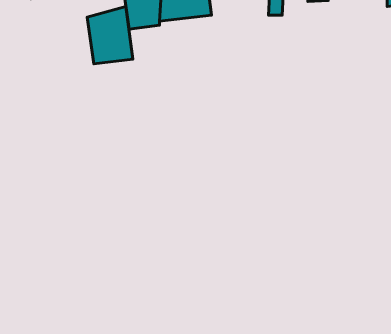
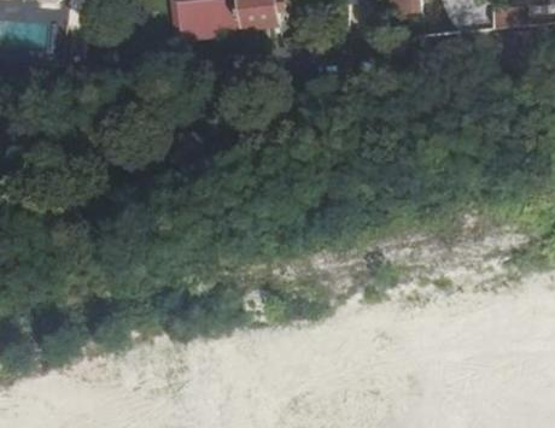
building: [87,6,133,64] -> none

